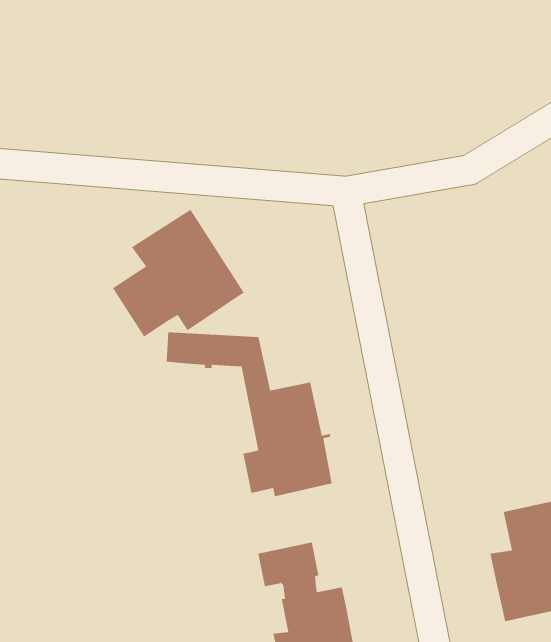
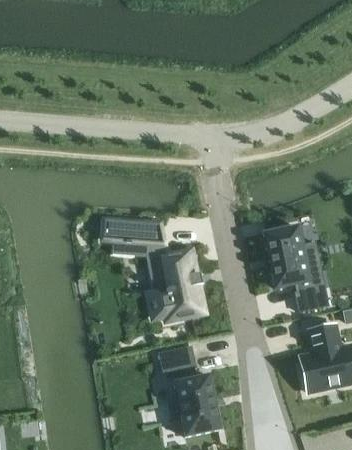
building: [112,209,245,337] -> none
building: none -> [264,226,329,311]

